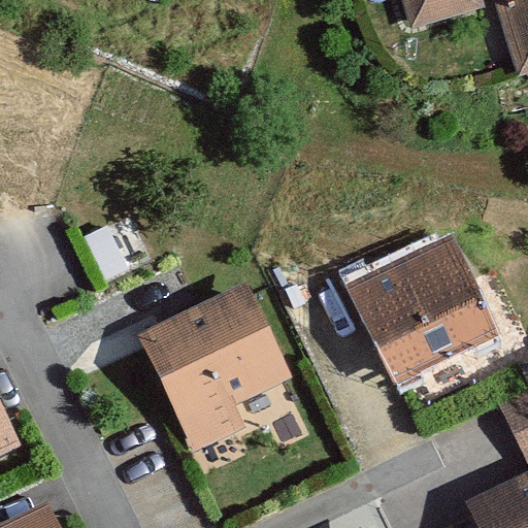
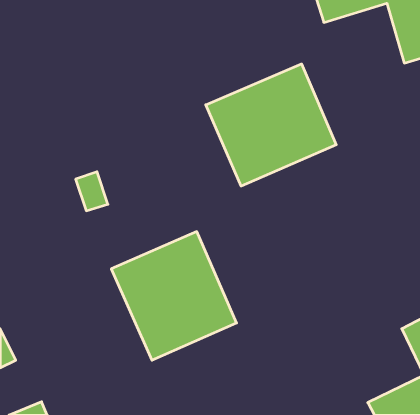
building: none -> [206,64,336,186]
building: [341,233,496,385] -> none

